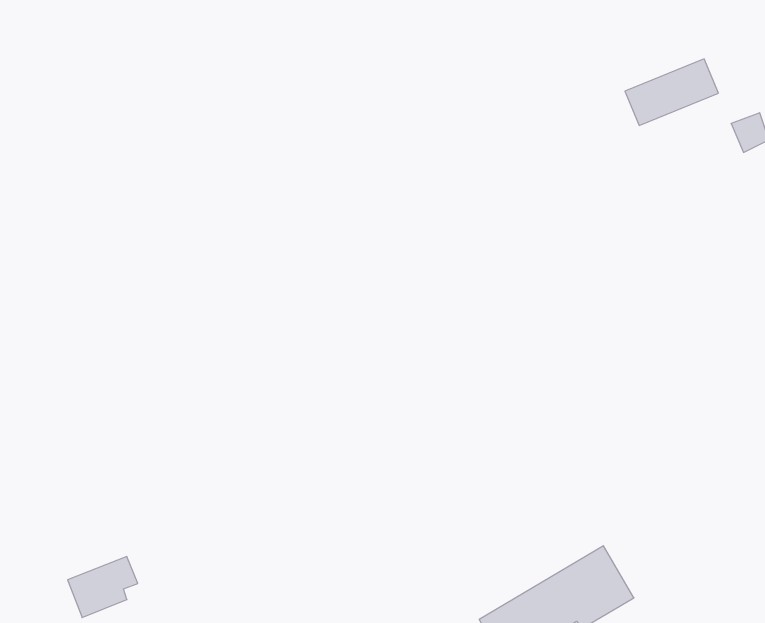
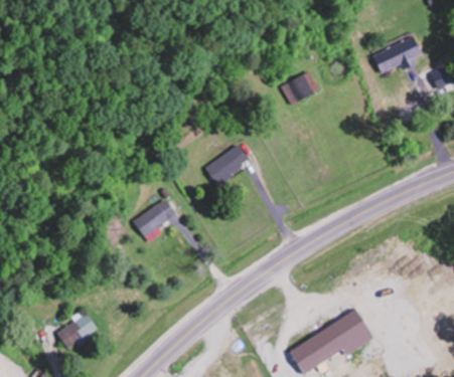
building: none -> [278,72,317,106]
building: none -> [204,145,250,186]
building: none -> [131,199,175,237]

